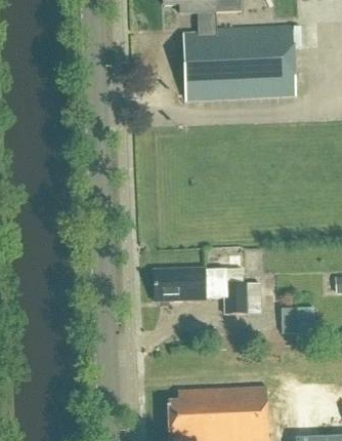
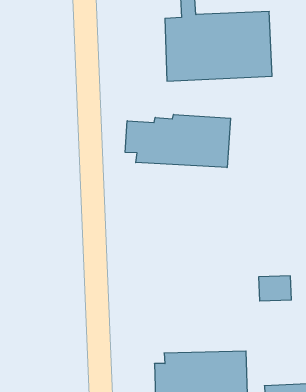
building: none -> [125,114,231,168]
building: [156,269,262,314] -> none

